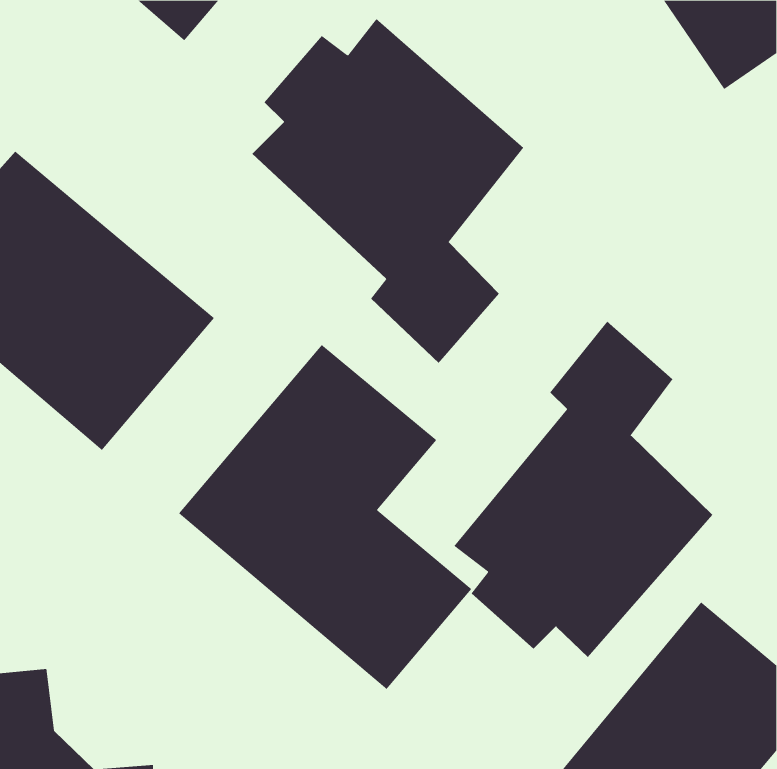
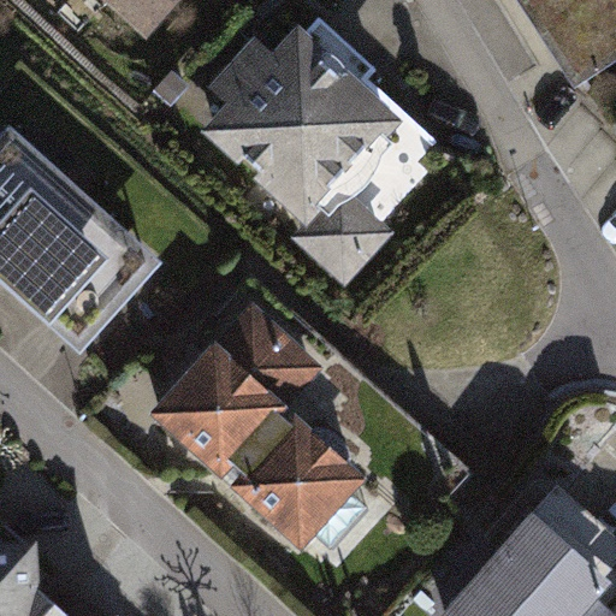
building: [453,321,713,658] -> none

